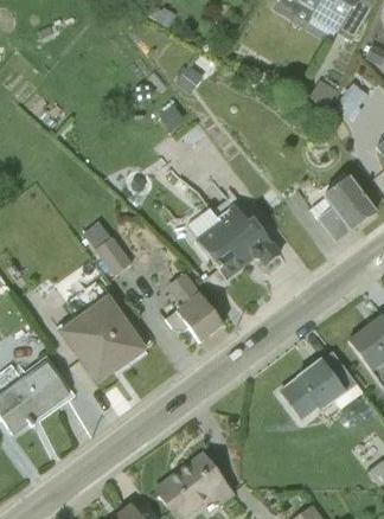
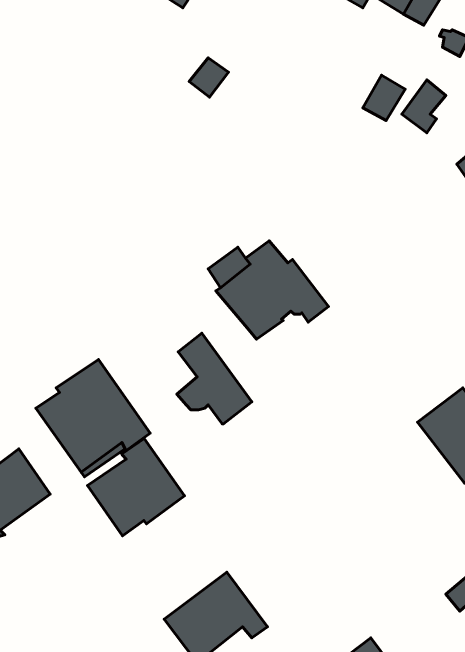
building: [311,177,376,241] -> none
building: [83,222,132,276] -> none
building: [281,351,363,419] -> none
building: none -> [87,439,185,536]

